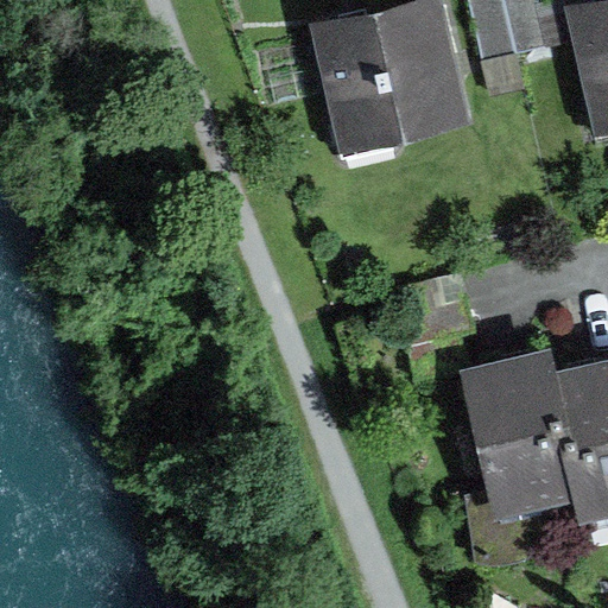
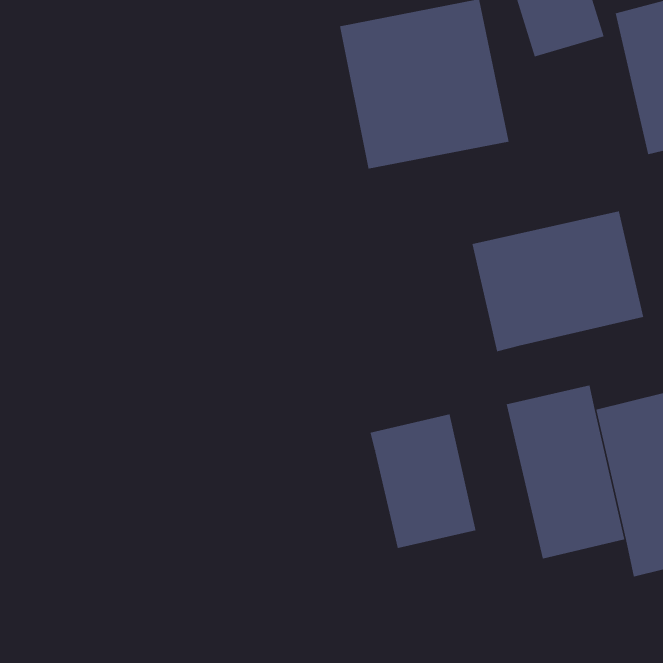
building: none -> [472,210,644,352]
building: none -> [370,414,476,549]

